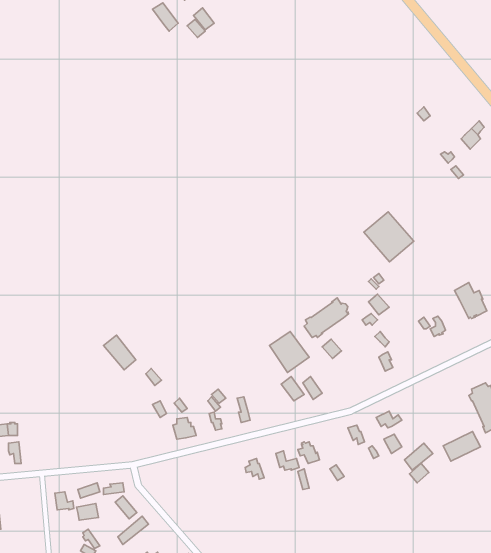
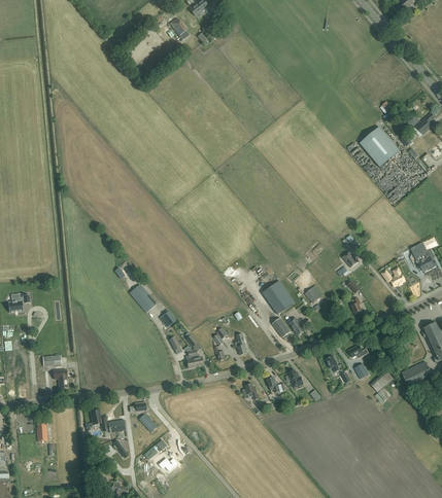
building: [364,212,414,262] -> [360,127,400,167]
building: [304,298,349,338] -> none

